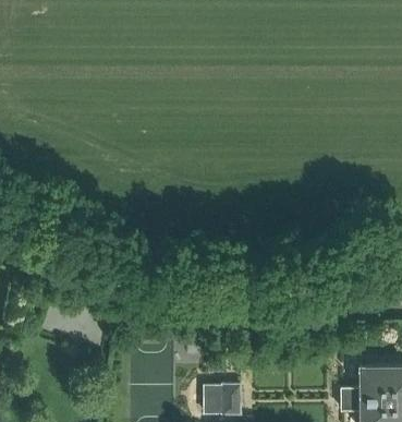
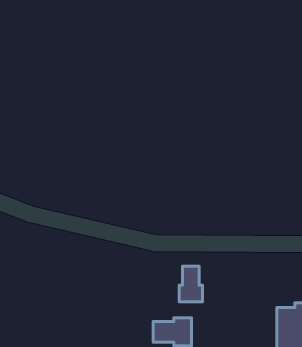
building: none -> [179,266,202,302]

